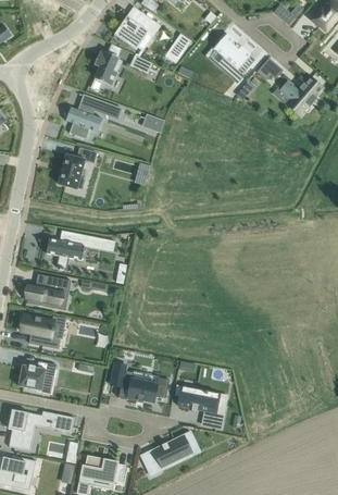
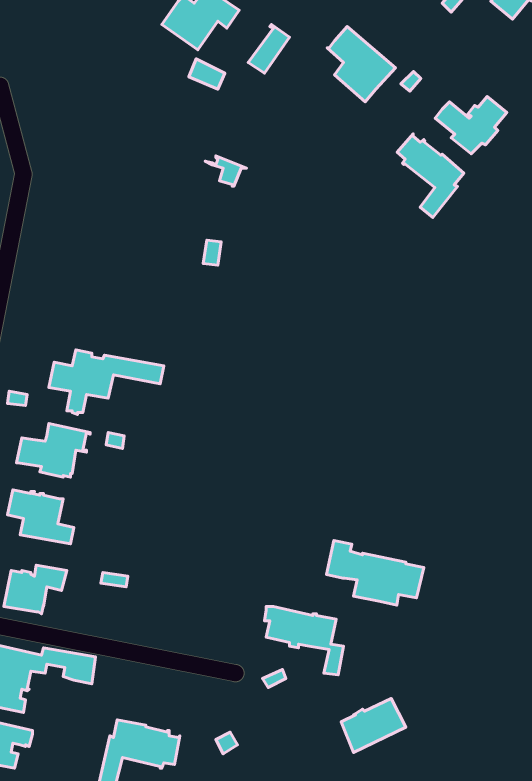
building: [93,51,122,84] -> none
building: [64,96,123,139] -> none
building: none -> [397,134,464,217]
building: [58,148,96,189] -> none
building: [110,363,168,403] -> [327,540,424,605]
building: [152,435,191,468] -> [341,699,406,752]

